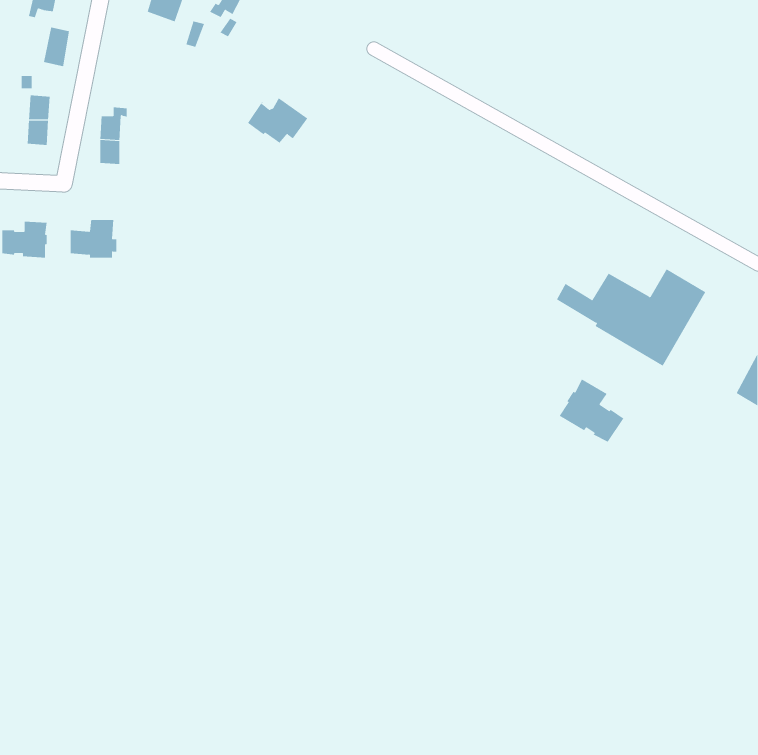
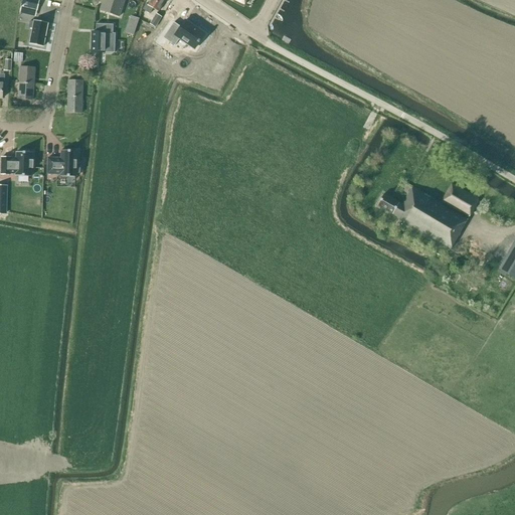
building: none -> [92,22,115,51]
building: [247,98,308,144] -> [163,19,204,50]
building: [559,379,624,443] -> none

